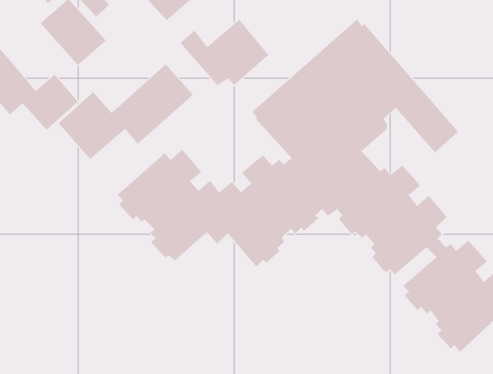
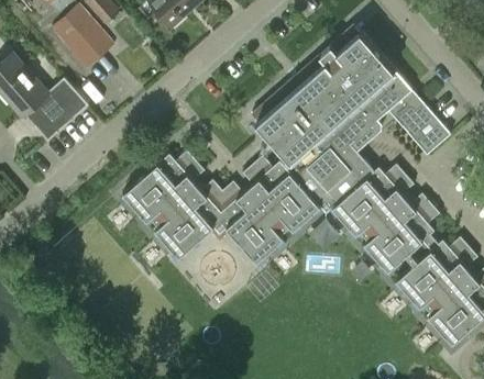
building: [180,19,269,86] -> none
building: [58,64,193,160] -> none

